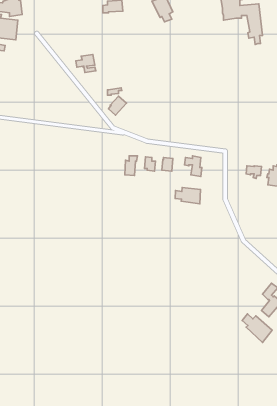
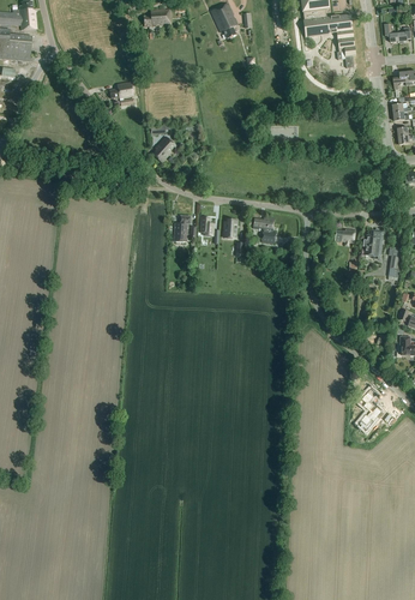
building: [175,188,201,204] -> none
building: [242,314,272,342] -> none

